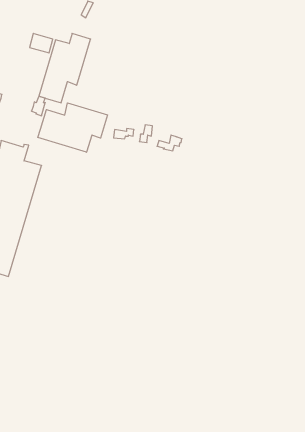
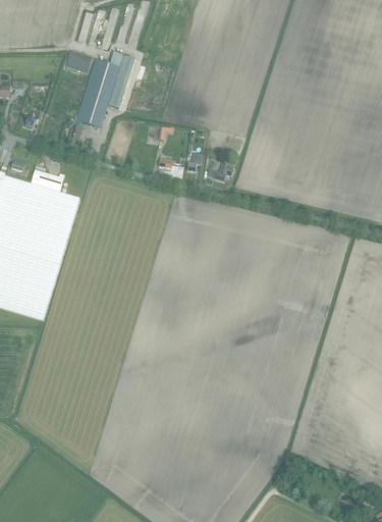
building: [38,103,108,152] -> none

